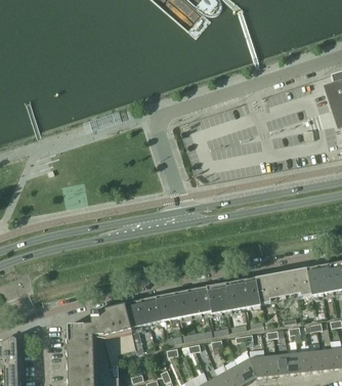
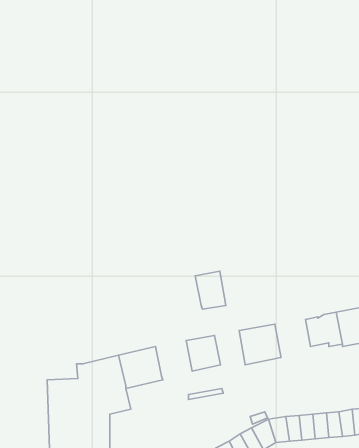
building: [255,273,285,304] -> none
building: [205,283,230,314] -> [195,271,226,309]
building: [156,291,186,320] -> none

